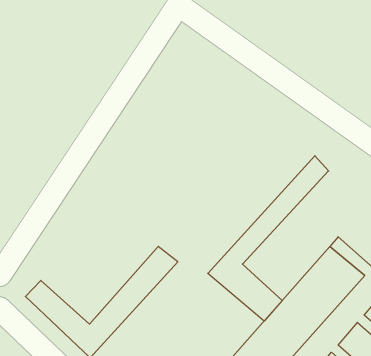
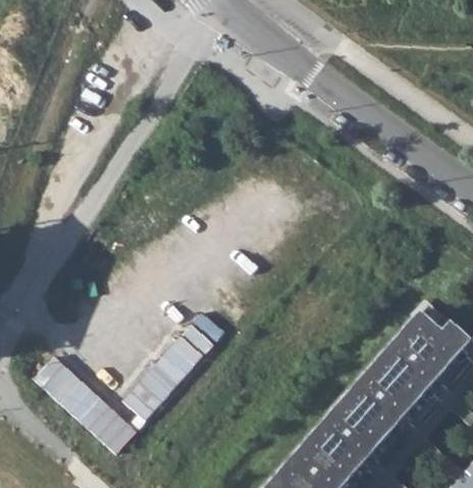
building: [208,156,329,321] -> none

